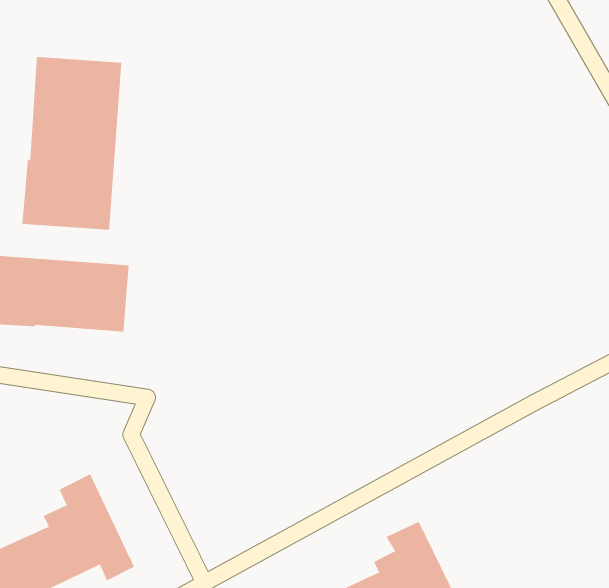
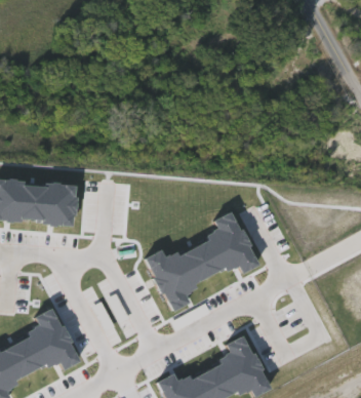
building: [22,56,122,231] -> none
building: none -> [146,212,258,313]

